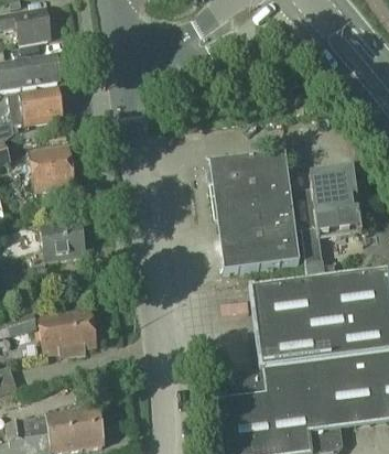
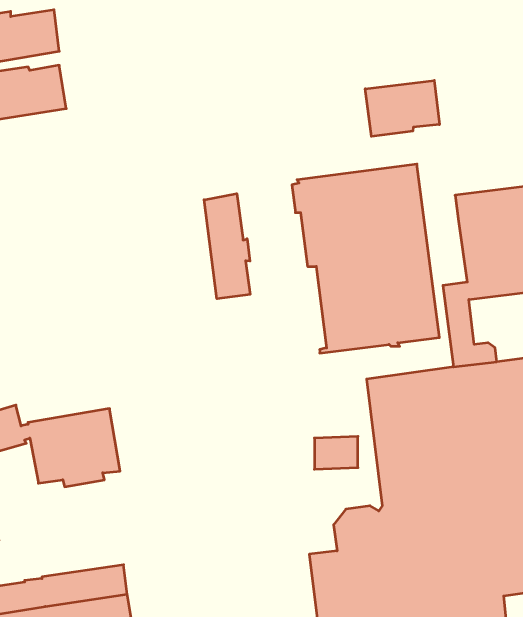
building: none -> [365,80,439,136]
building: [29,144,74,190] -> none
building: none -> [204,194,250,299]
building: [39,215,85,261] -> none

